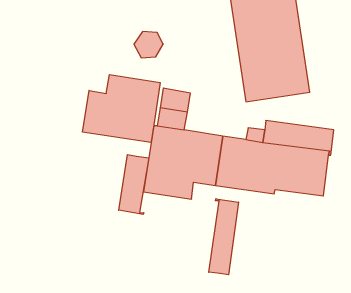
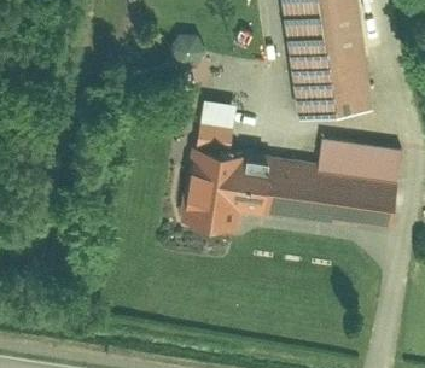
building: [83,75,160,142] -> none
building: [119,155,149,214] -> none
building: [209,199,238,275] -> none

